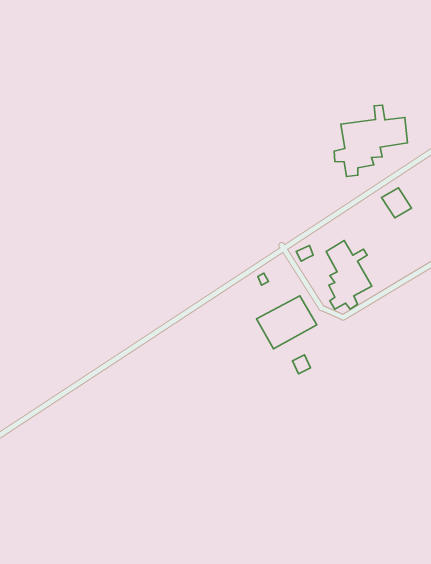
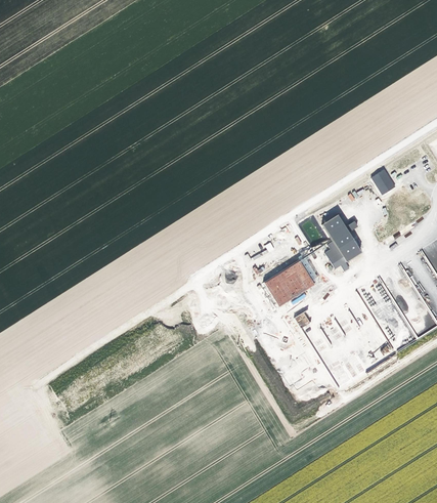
building: [334,105,408,177] -> none

